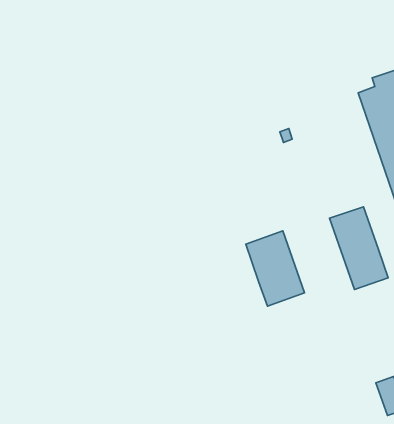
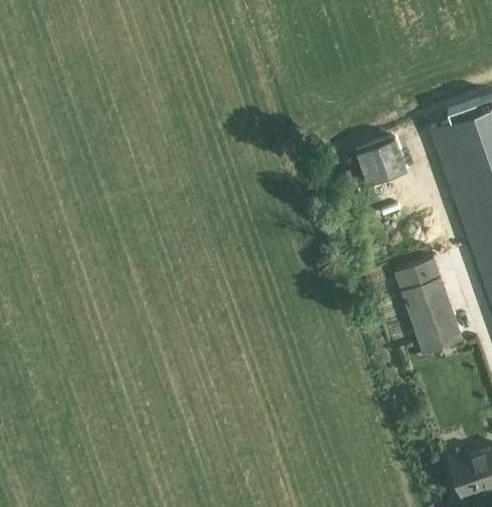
building: none -> [359,142,409,191]
building: [246,231,304,306] -> none

